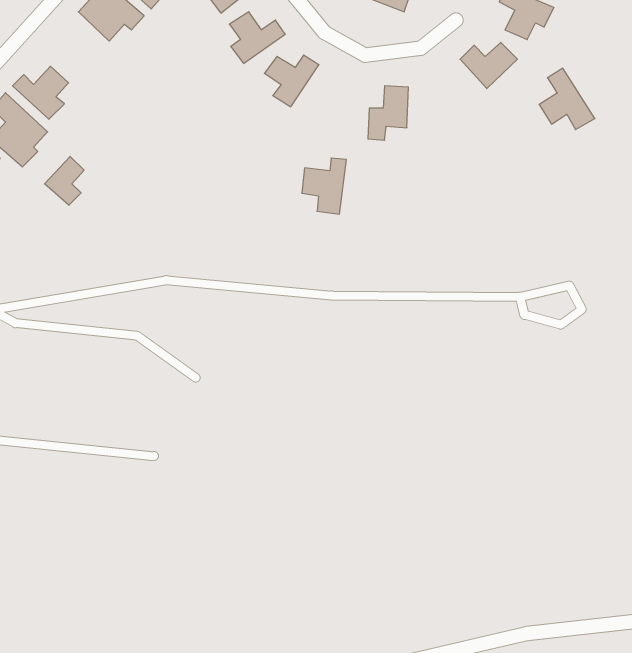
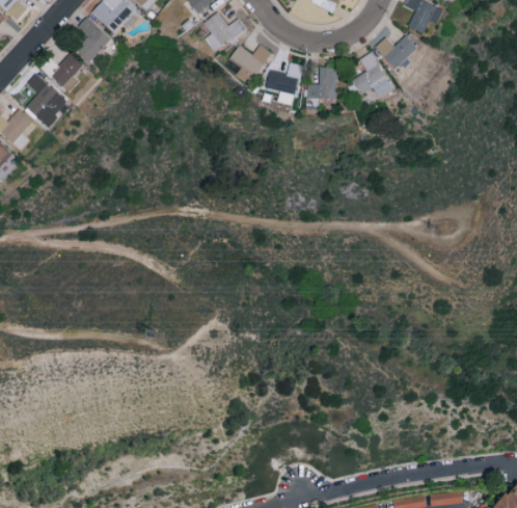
building: none -> [76,17,111,63]
building: [539,68,595,130] -> [352,53,393,99]
building: [45,156,84,205] -> none
building: [302,158,346,214] -> [266,63,299,105]

